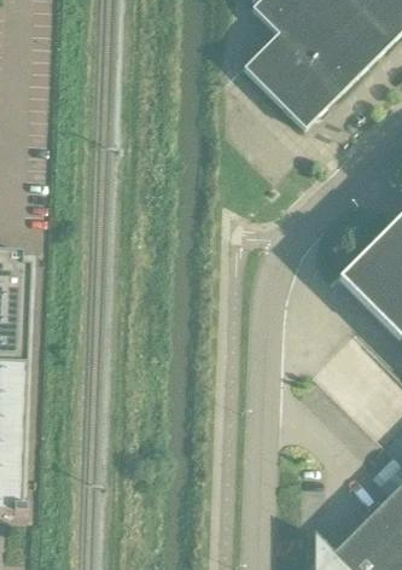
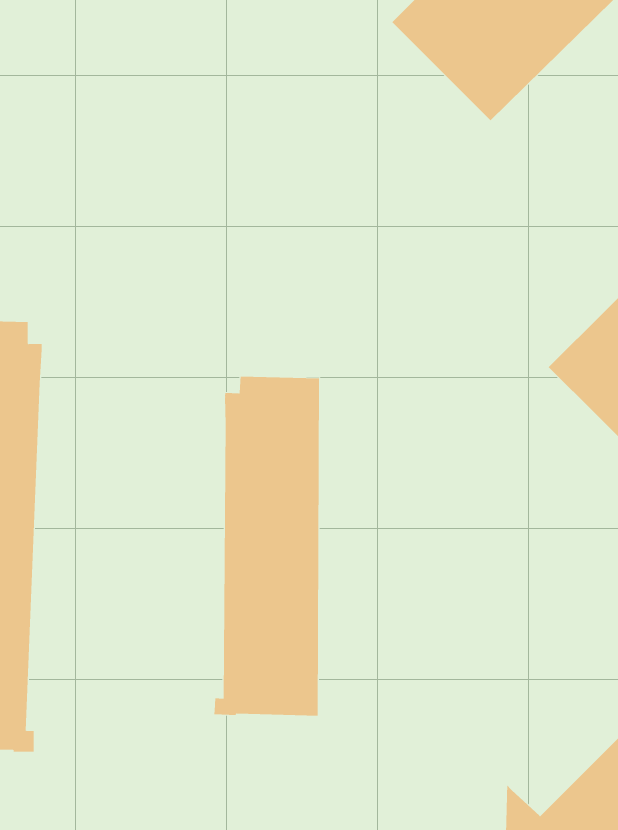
building: none -> [214,376,320,716]

